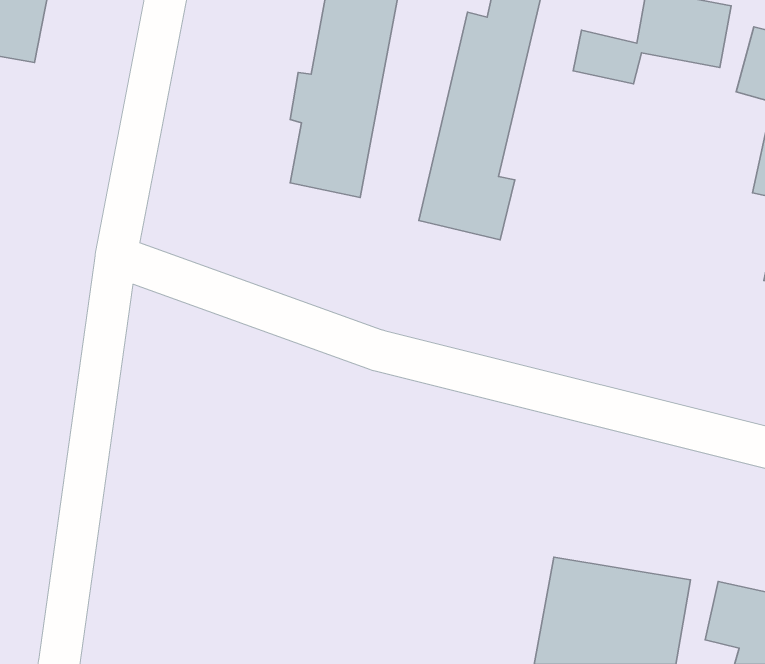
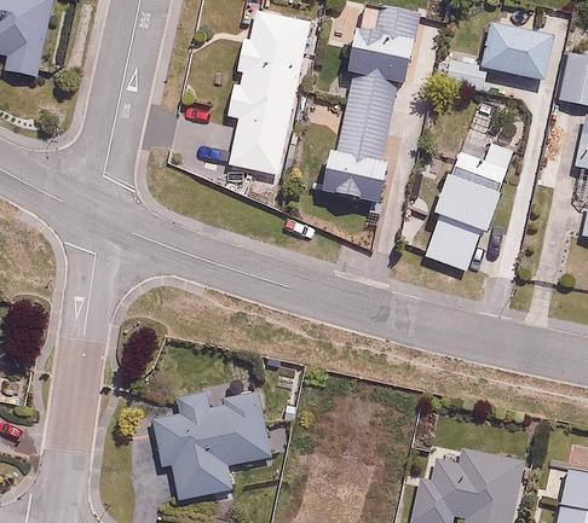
building: none -> [425,124,523,272]
building: none -> [150,396,275,502]

